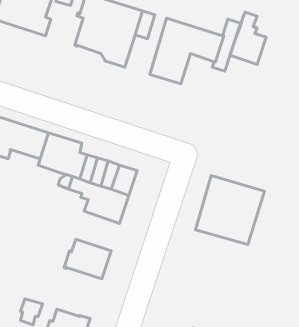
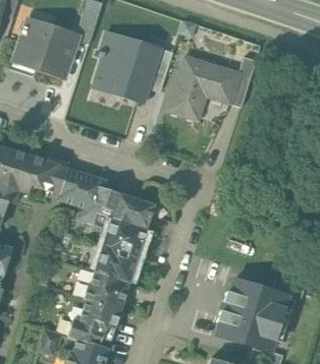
building: [230,12,266,65] -> none
building: [196,176,264,244] -> [219,281,286,348]
building: none -> [95,243,138,282]
building: none -> [67,298,120,346]

